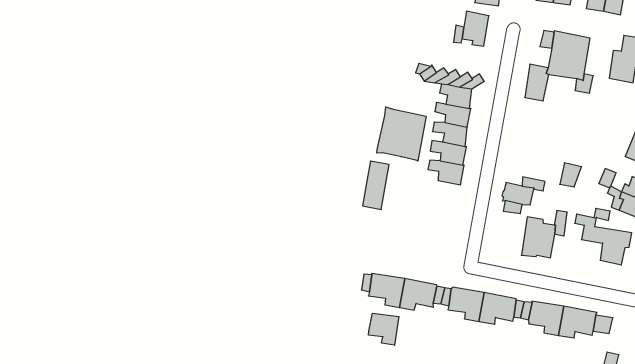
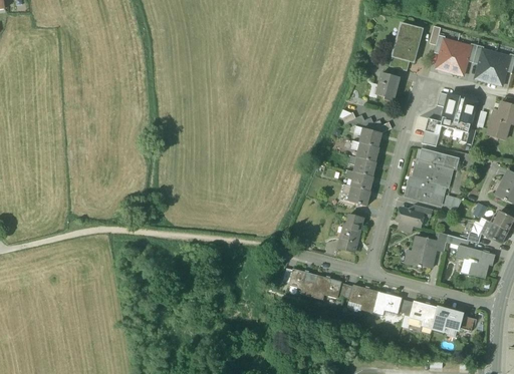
building: none -> [405,148,458,205]
building: [377,107,426,161] -> none
building: [363,161,389,210] -> [340,214,363,252]
building: [369,313,399,345] -> none

